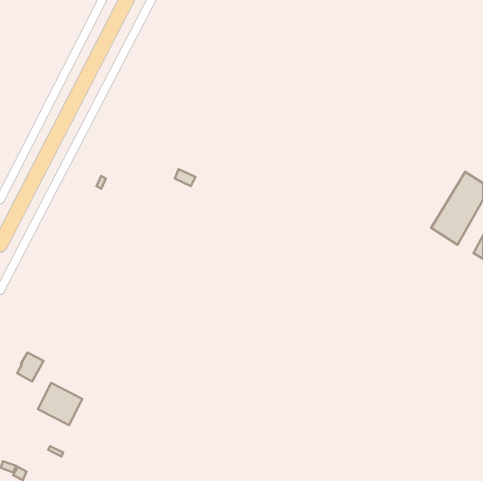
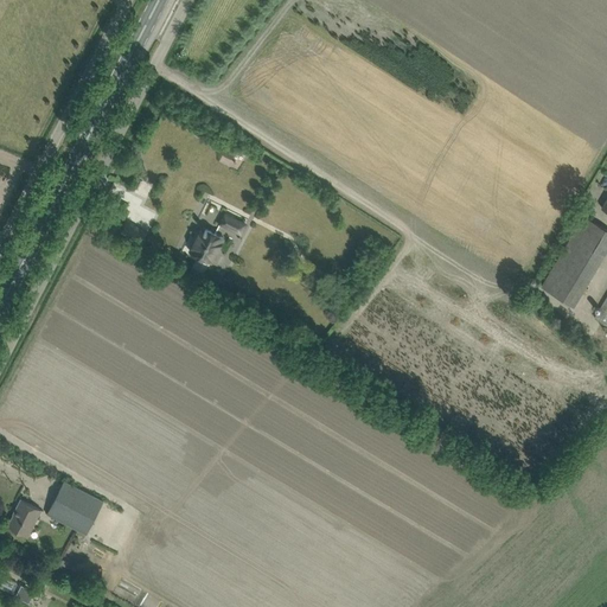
building: none -> [190,231,224,264]
building: [17,352,44,382] -> [8,501,41,538]

